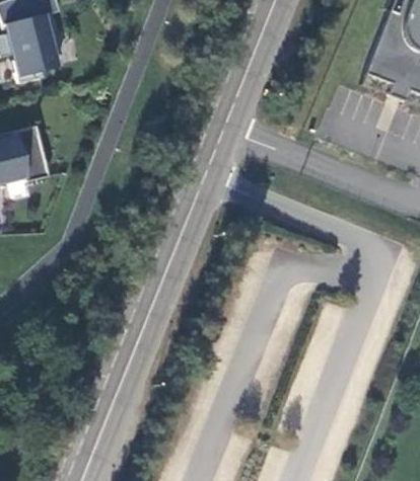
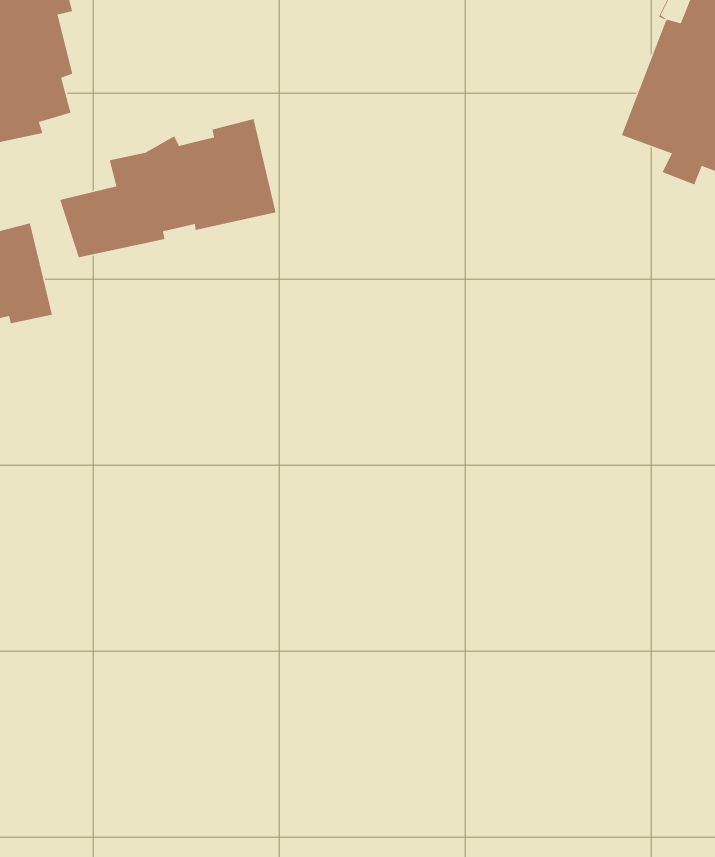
building: none -> [59,118,277,258]

